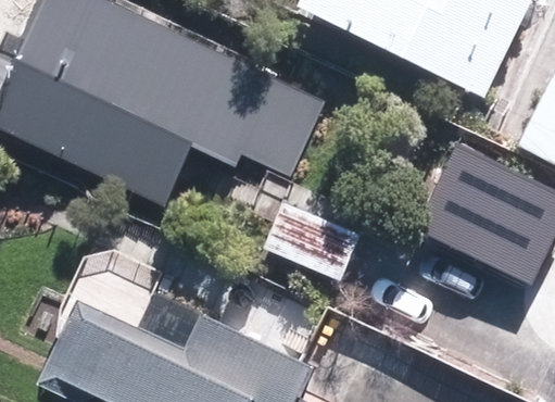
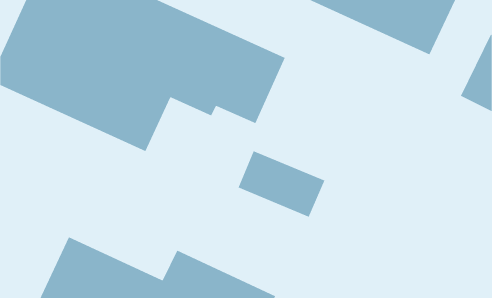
building: [412,131,527,264] -> none

